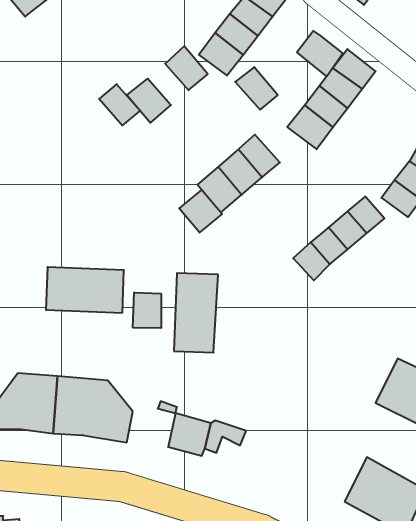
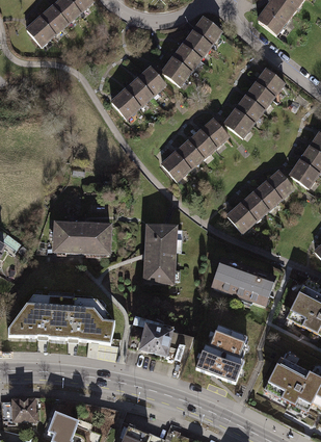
building: [297,31,343,76] -> none
building: [235,67,278,110] -> [200,118,231,148]
building: [99,84,140,125] -> [125,78,154,107]
building: [179,190,222,233] -> none
building: [133,292,161,328] -> none
building: none -> [212,259,274,304]
building: none -> [196,333,244,383]

